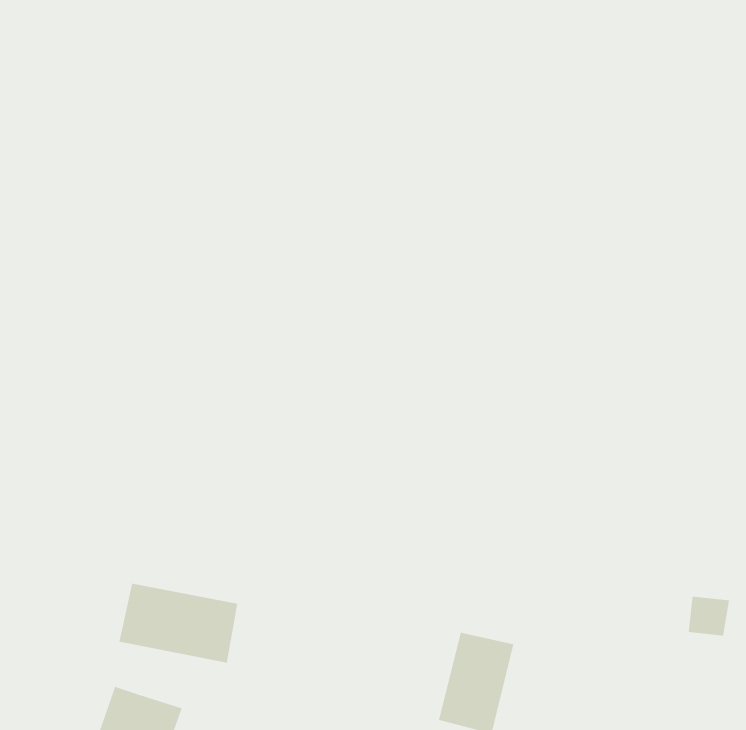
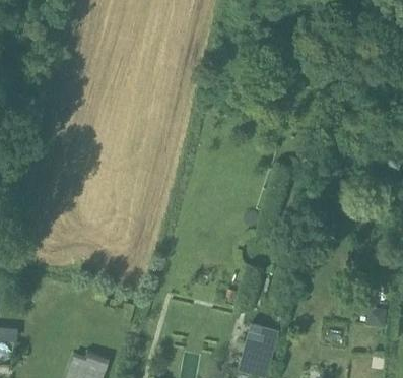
building: [119,583,238,664] -> none

